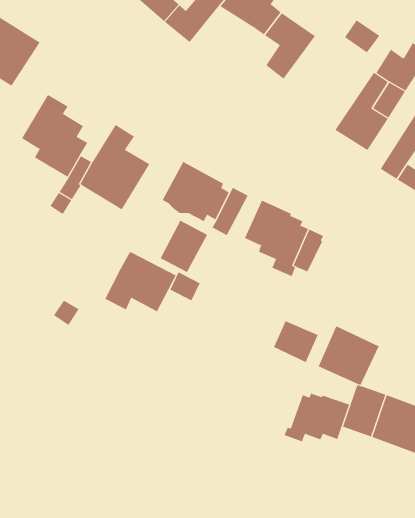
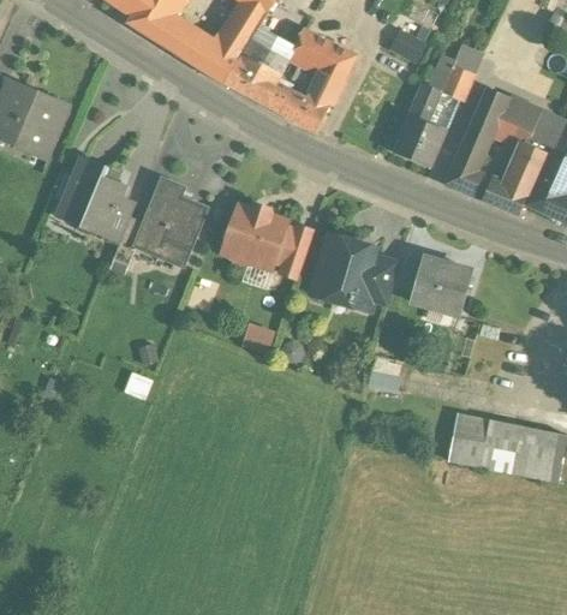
building: none -> [225,38,329,132]
building: [160,220,208,273] -> none
building: [105,251,177,312] -> none
building: [318,326,380,386] -> [411,253,472,312]
building: [284,393,350,442] -> none

